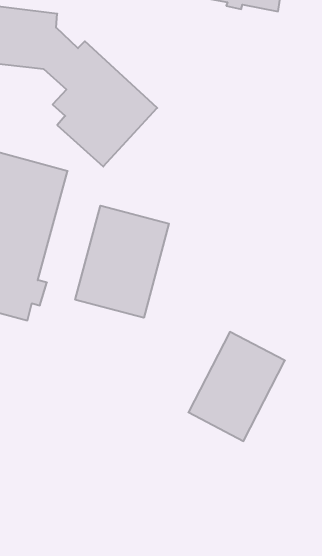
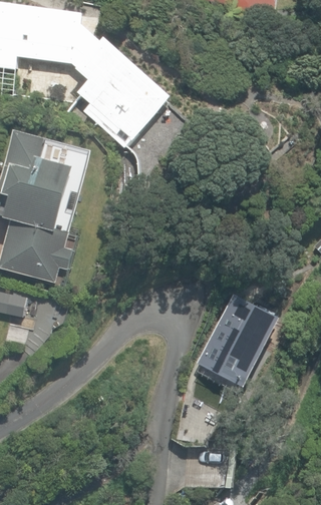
building: [75,206,169,318] -> none

